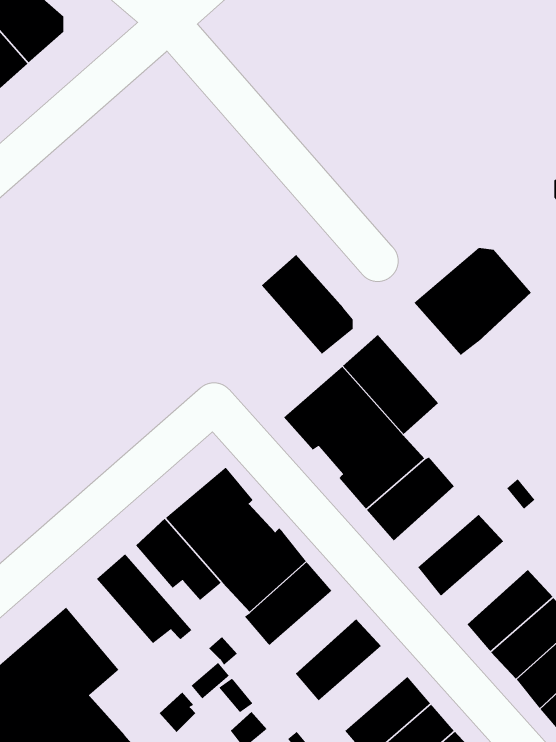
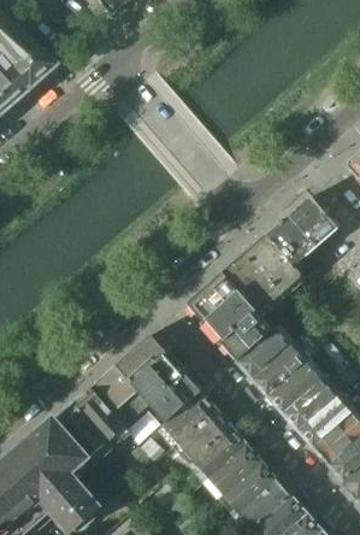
building: [261,254,354,355] -> [243,235,300,296]
building: none -> [253,347,305,396]
building: none -> [282,381,335,431]
building: none -> [53,404,112,460]
building: none -> [177,411,230,461]
building: none -> [207,445,261,496]

